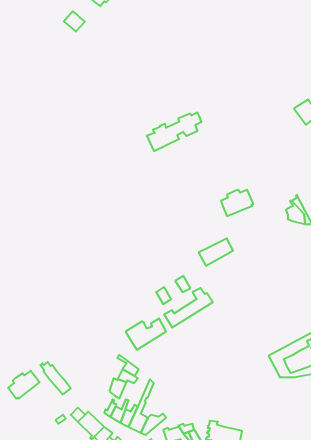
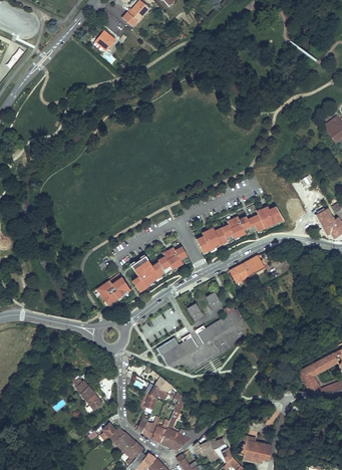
building: [147,113,202,151] -> [196,216,250,254]
building: none -> [131,245,187,291]
building: none -> [95,276,129,304]
building: [8,371,40,399] -> none

